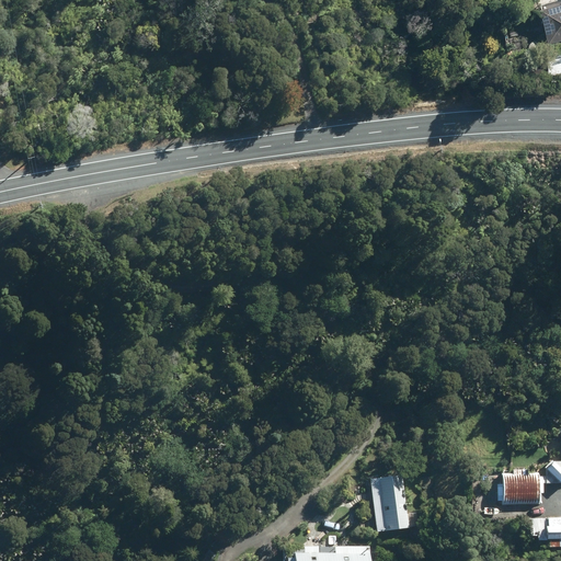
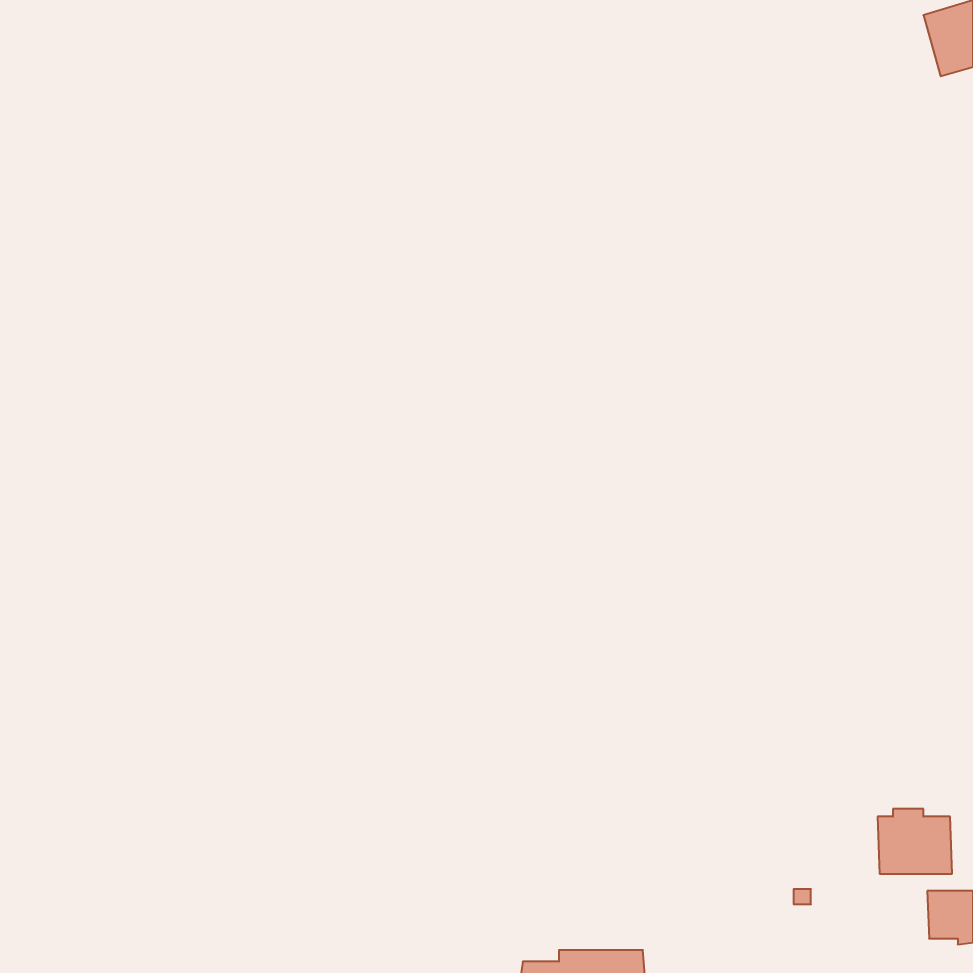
building: [371,476,410,533] -> none

